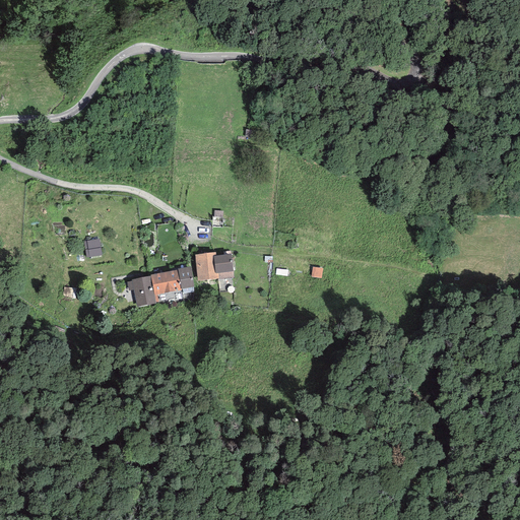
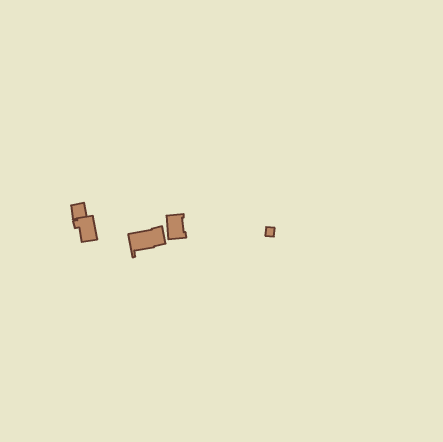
building: [213,253,234,278] -> none
building: [127,275,155,306] -> [73,216,97,242]

